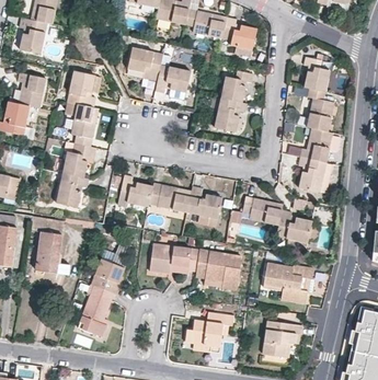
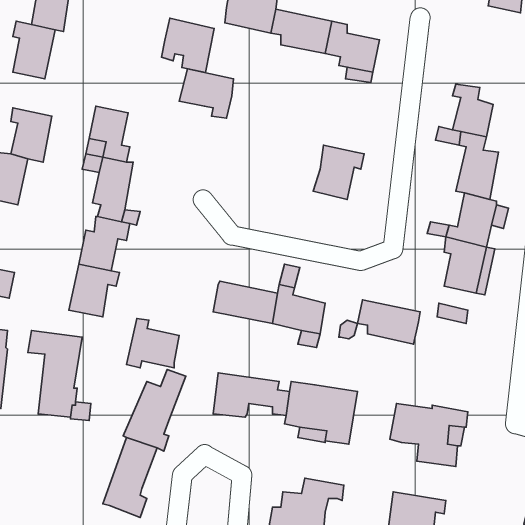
building: [156,65,190,100] -> [161,18,214,73]
building: [220,69,253,101] -> none
building: [118,175,152,207] -> [127,318,179,368]
building: [276,210,311,241] -> none

